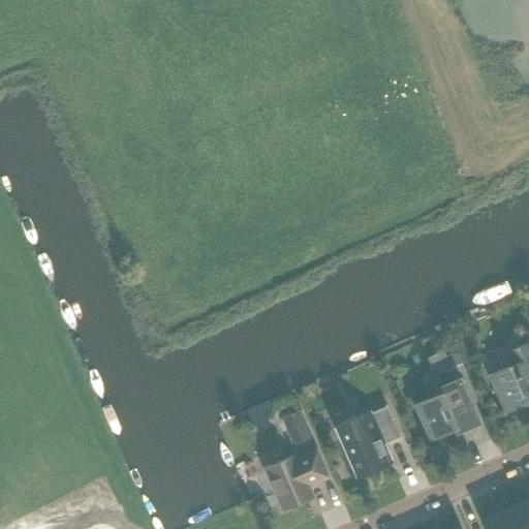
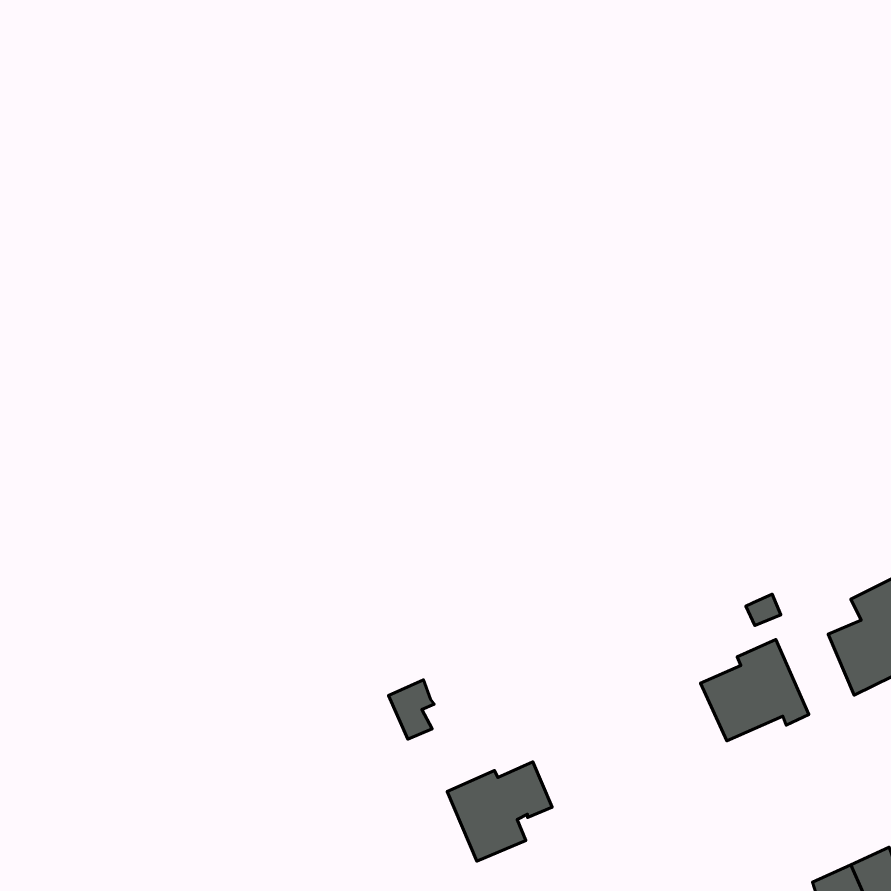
building: [336,406,402,480] -> none
building: [281,410,308,445] -> [389,680,434,739]

